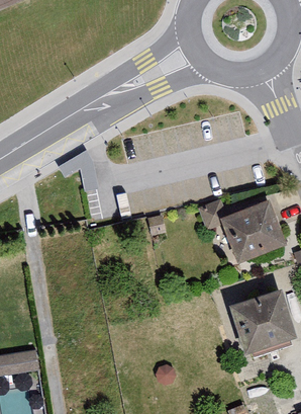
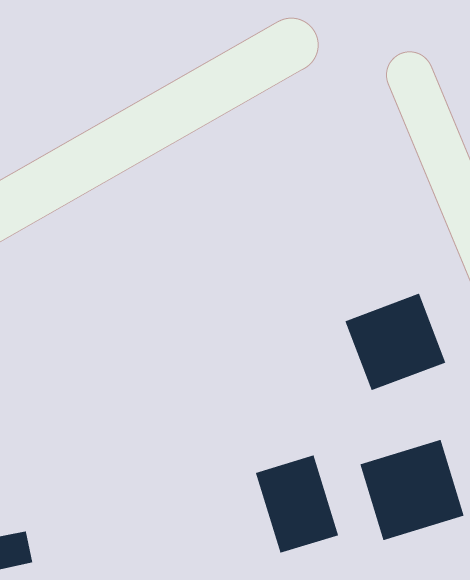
building: none -> [255,455,339,554]

